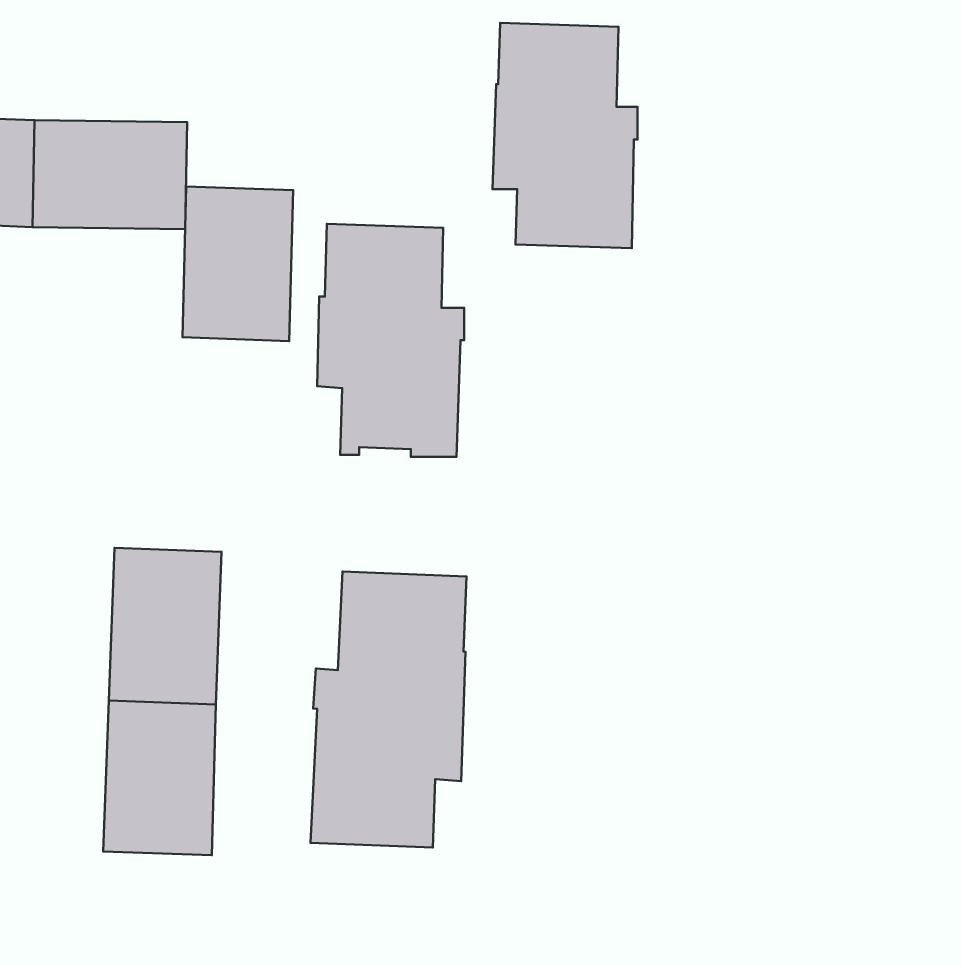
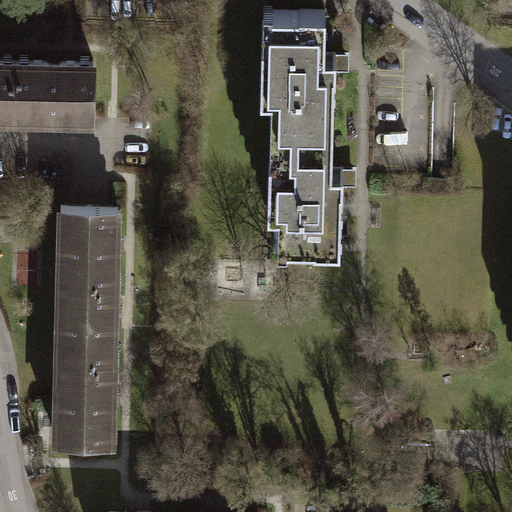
building: [182,186,293,341] -> [60,213,118,294]
building: [317,224,464,457] -> [265,133,342,255]
building: [311,572,466,847] -> none

